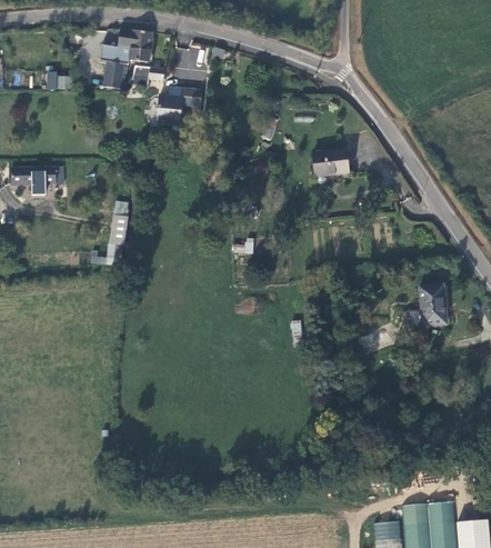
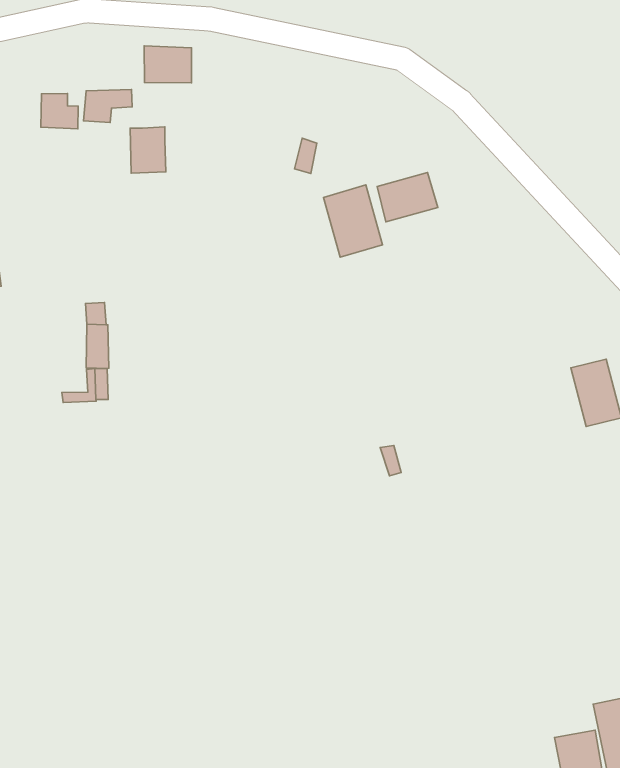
building: [100,29,153,64] -> none
building: [168,87,202,108] -> none
building: none -> [323,185,383,257]

